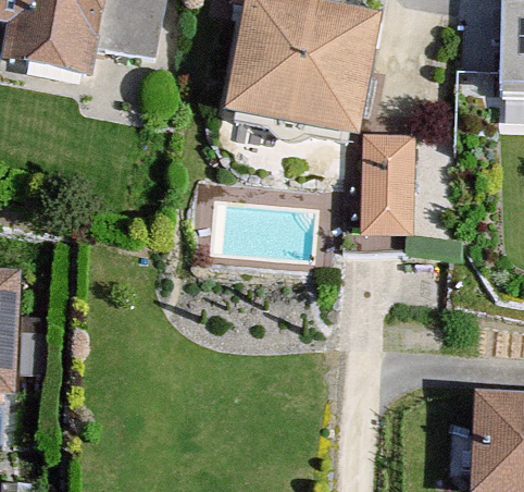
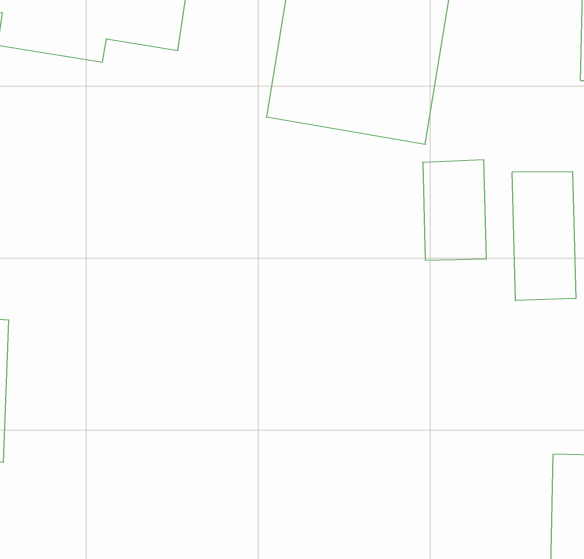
building: none -> [512,172,576,301]

